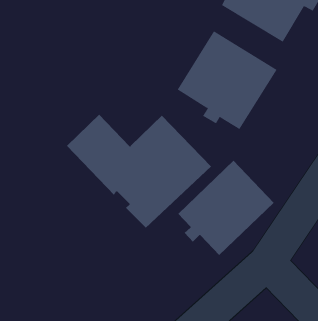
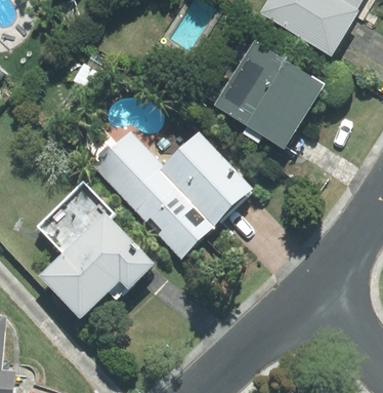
building: [177,160,275,256] -> none
building: none -> [37,183,154,318]

